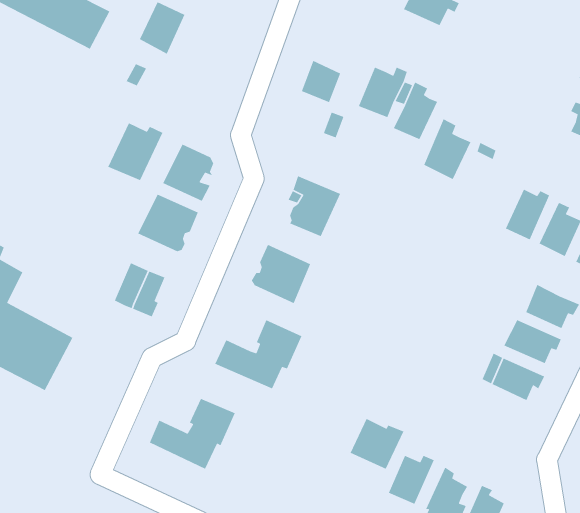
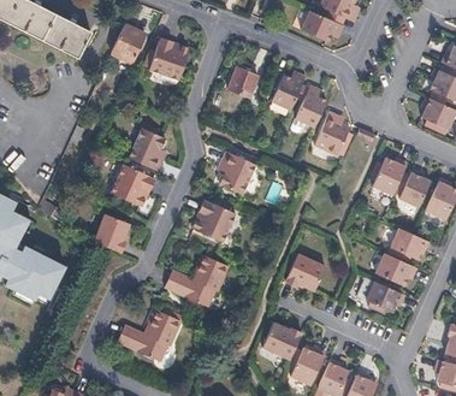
building: none -> [149,37,186,77]
building: [107,122,163,181] -> none
building: none -> [285,253,326,291]

